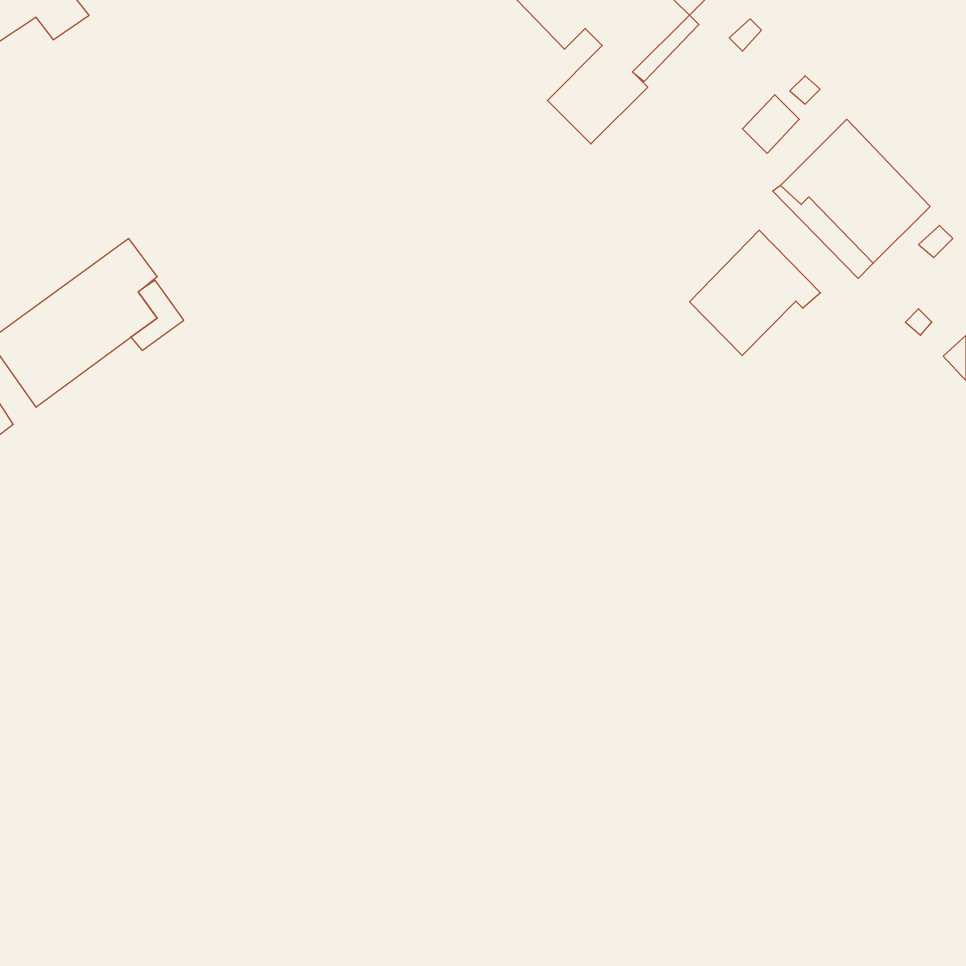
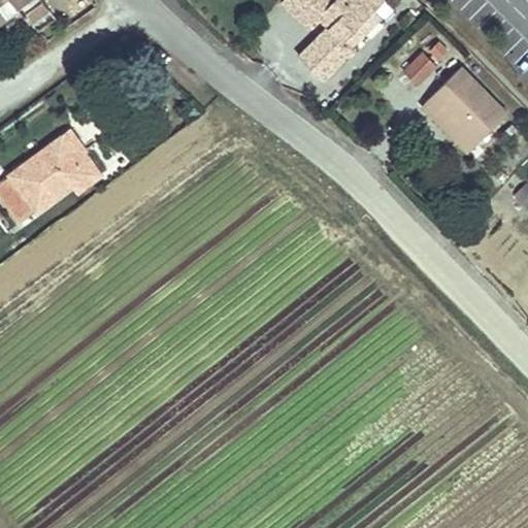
building: [690,230,821,355] -> none

